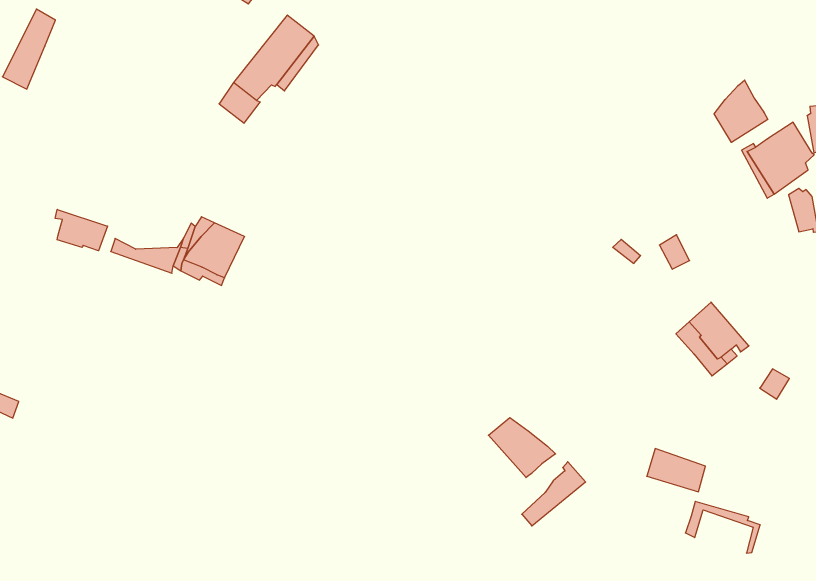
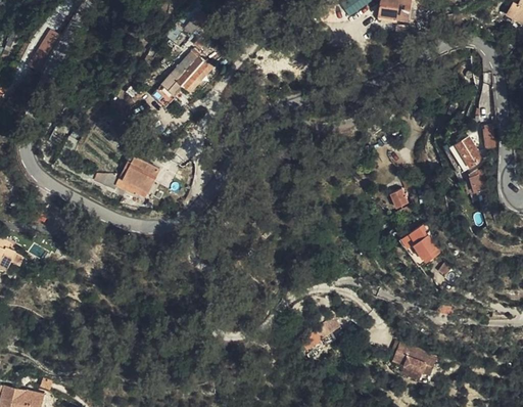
building: [714,80,768,142] -> none
building: [55,209,108,251] -> none
building: [488,418,556,478] -> none
building: [647,449,705,492] -> [399,347,433,373]

